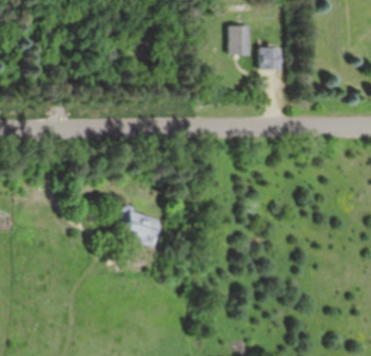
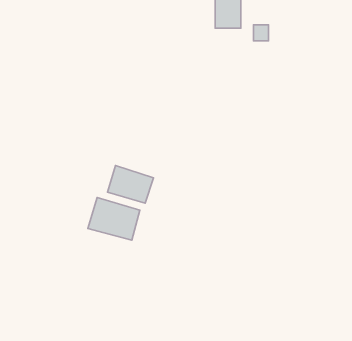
building: none -> [108,165,153,203]

